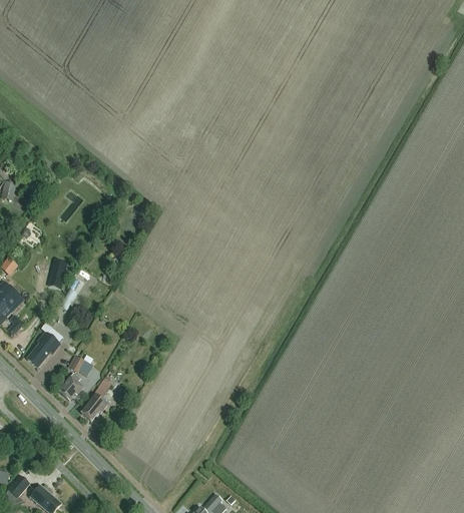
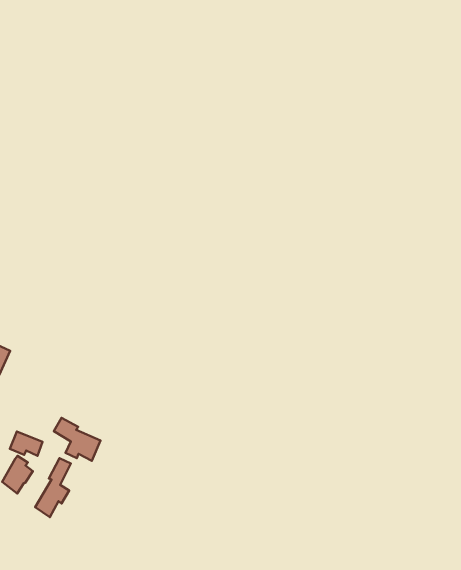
building: none -> [54,418,101,461]

